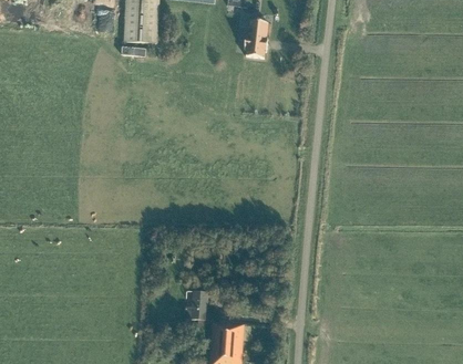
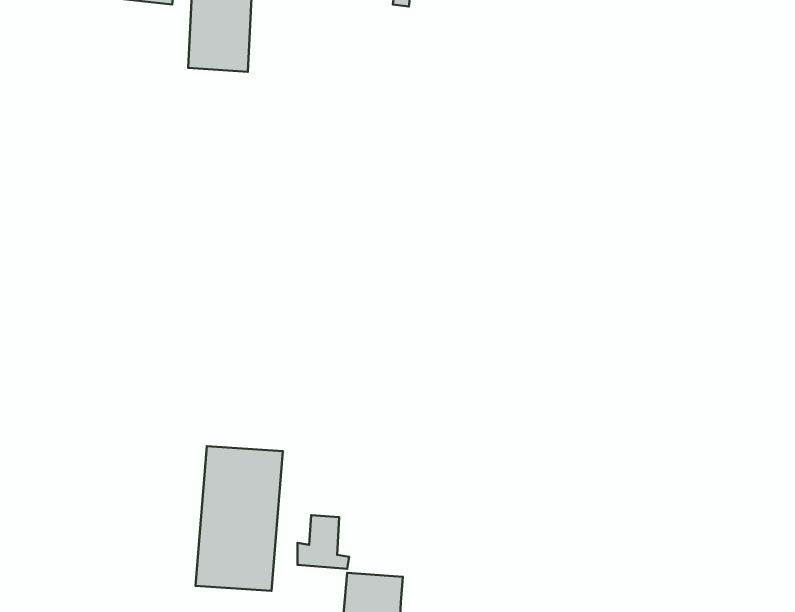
building: [244,21,267,59] -> none
building: none -> [196,446,283,591]

